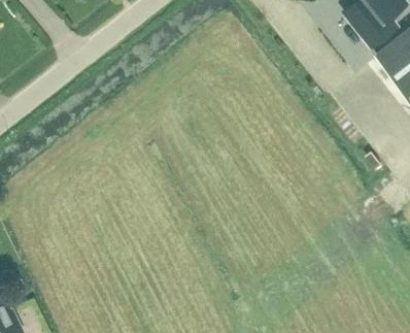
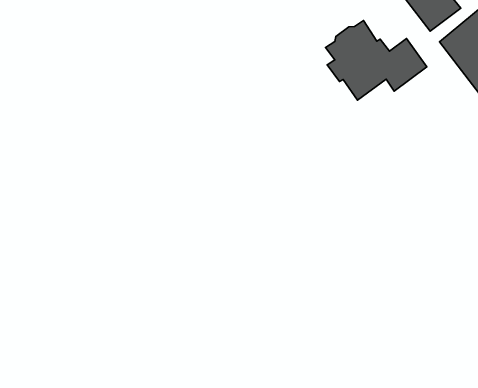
building: none -> [326,20,427,100]

